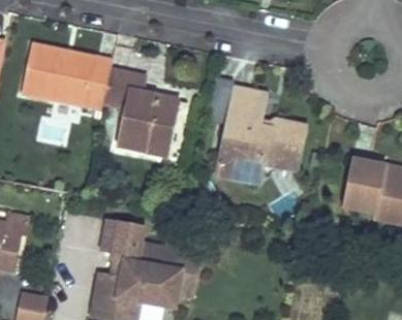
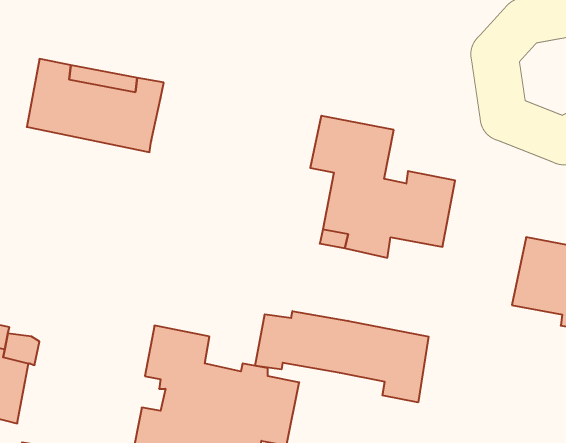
building: [105,68,177,151] -> none
building: none -> [255,311,429,402]

